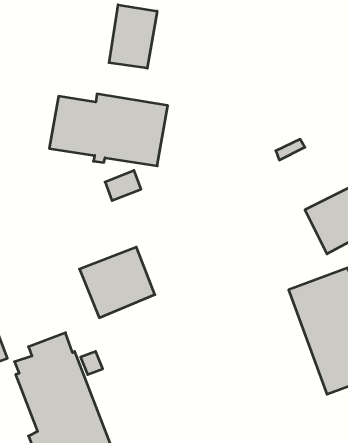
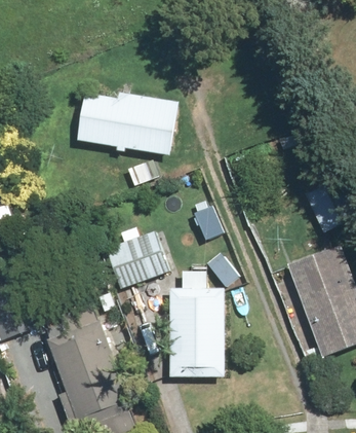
building: [109,5,157,68] -> none
building: none -> [167,287,228,377]

